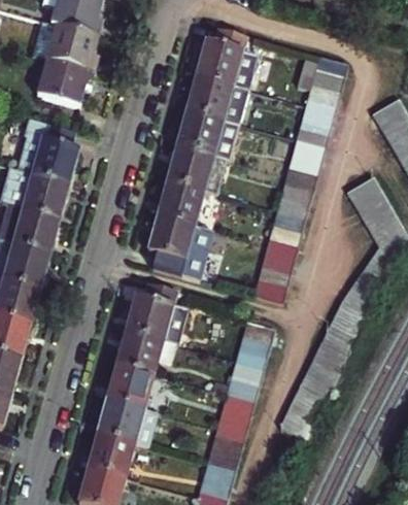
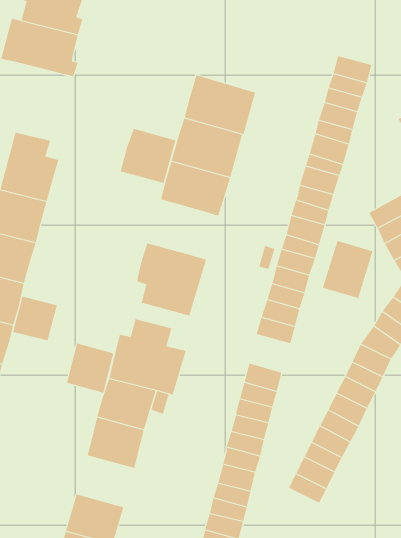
building: [199,26,261,88] -> none
building: [35,62,94,111] -> none
building: [157,179,205,227] -> [120,128,176,184]
building: none -> [322,240,373,299]
building: none -> [13,296,57,341]
building: none -> [66,342,114,394]
building: [96,399,146,443] -> none

